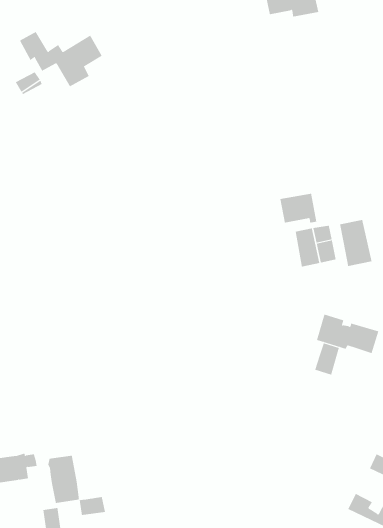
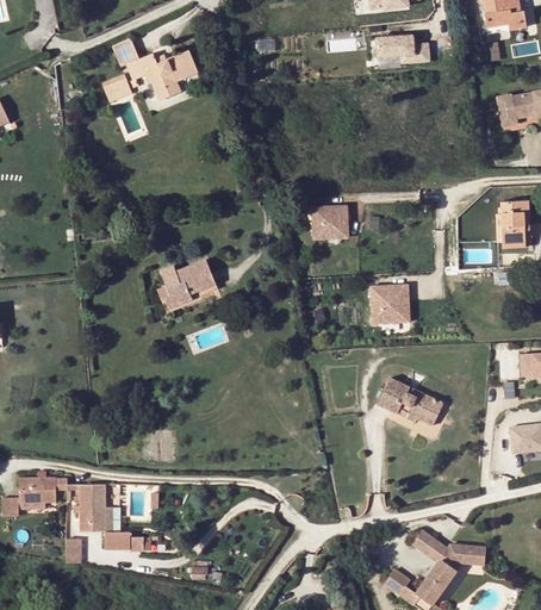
building: [280,193,317,223] -> [312,206,348,237]
building: [340,219,372,267] -> none
building: none -> [155,261,213,311]
building: [315,342,339,376] -> none

